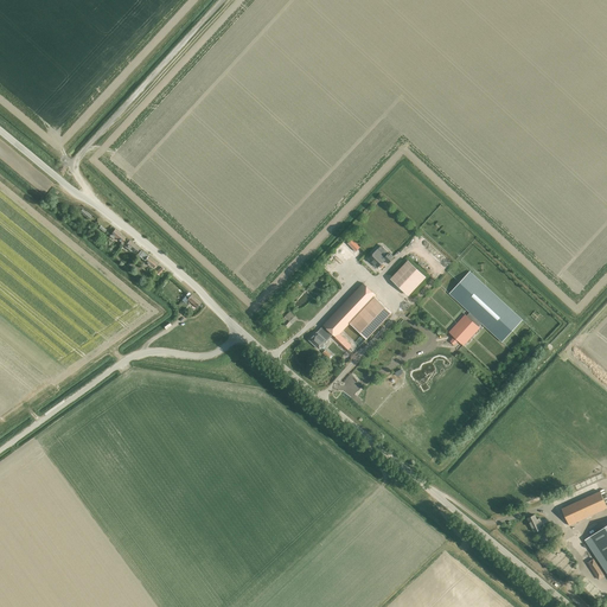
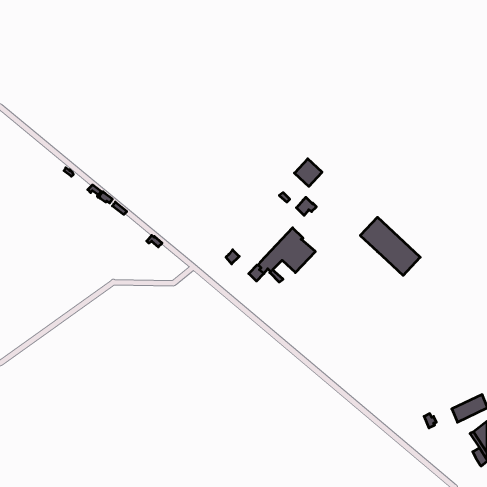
building: [391,261,426,295] -> [294,159,322,186]
building: [448,314,480,346] -> none

